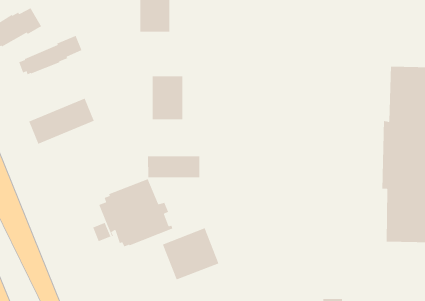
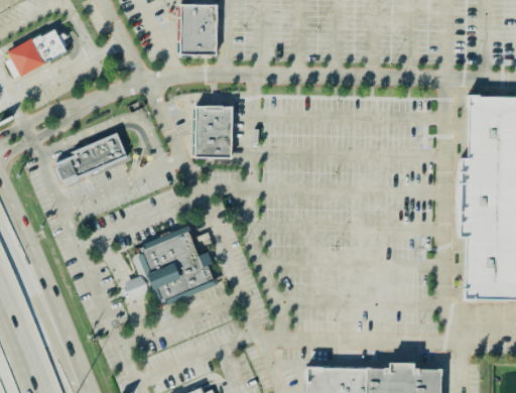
building: [18,35,82,75] -> none
building: [147,155,200,178] -> none
building: [162,227,219,281] -> none

